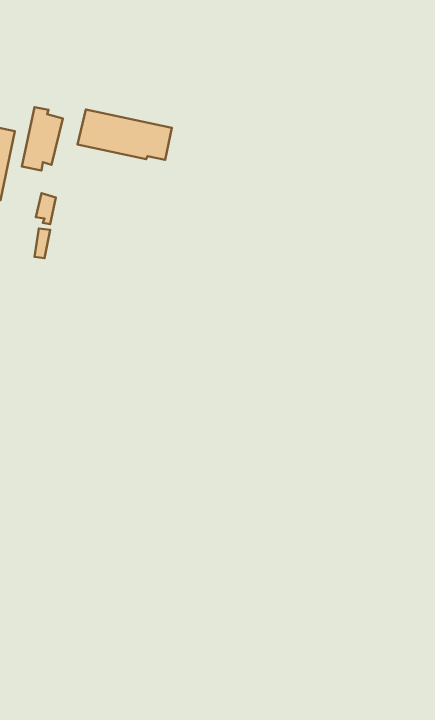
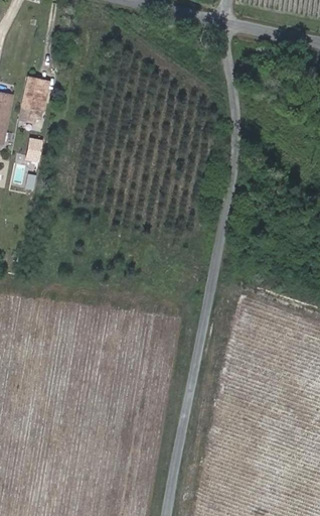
building: [78,109,172,160] -> none

